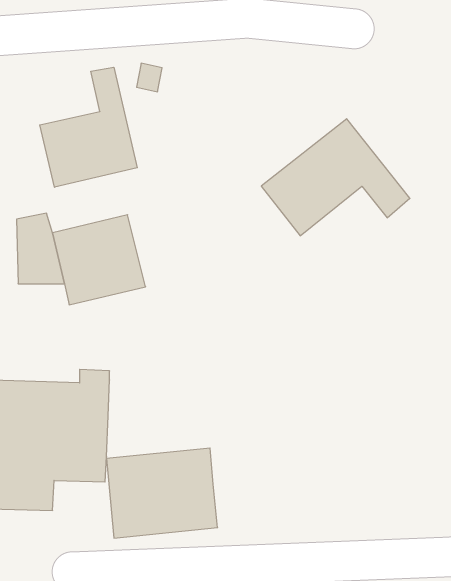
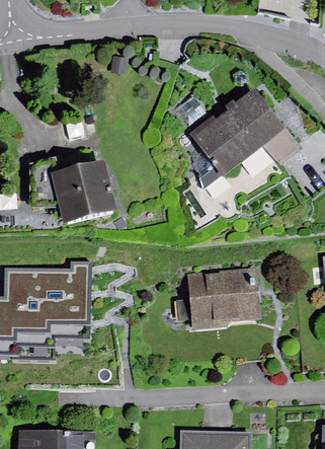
building: [40,67,137,187] -> none
building: [106,448,218,538] -> [186,268,261,328]

